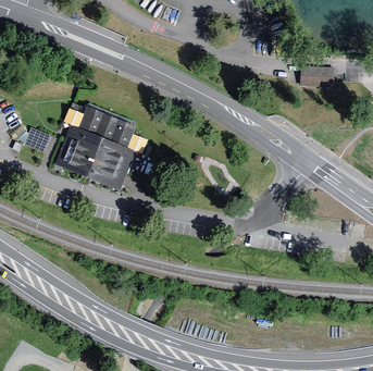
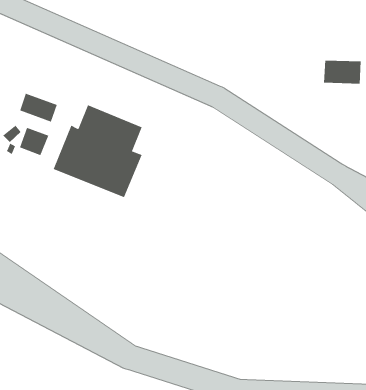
building: none -> [19,93,57,123]

